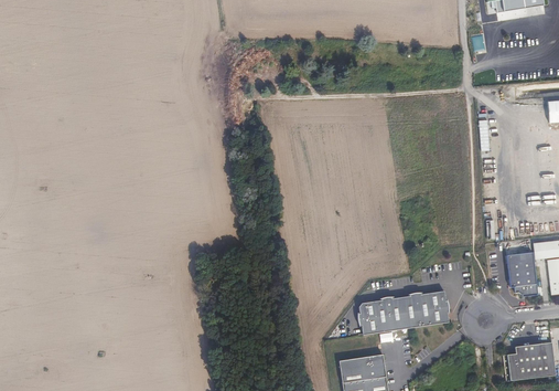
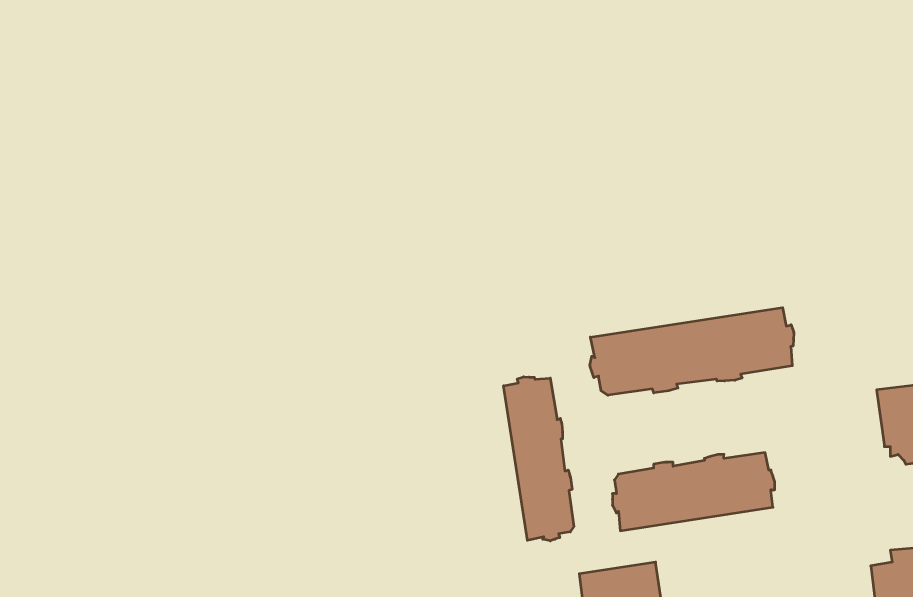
building: none -> [590,308,794,395]
building: none -> [504,377,574,541]

